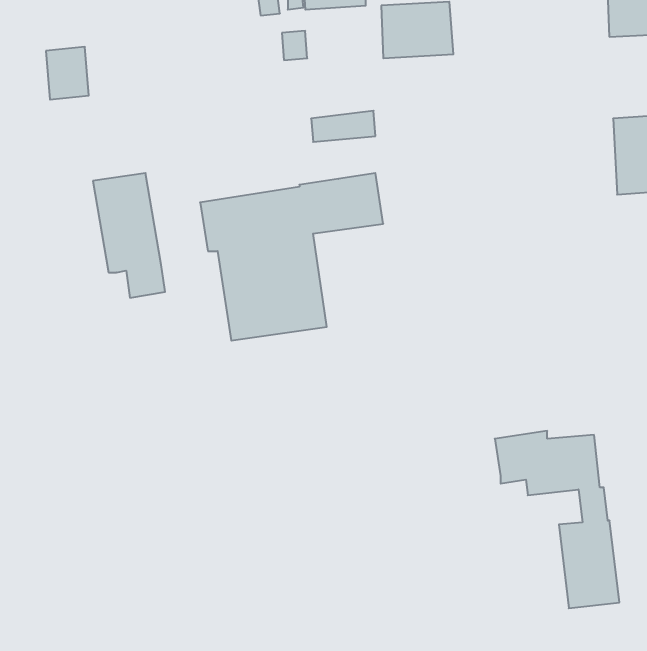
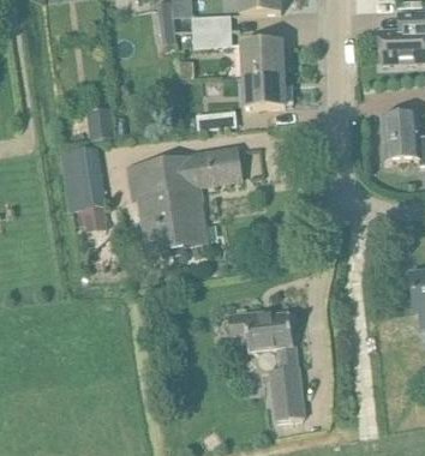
building: [46,47,89,100] -> [88,107,114,139]
building: none -> [241,74,294,108]
building: [495,431,619,608] -> [228,311,305,420]

